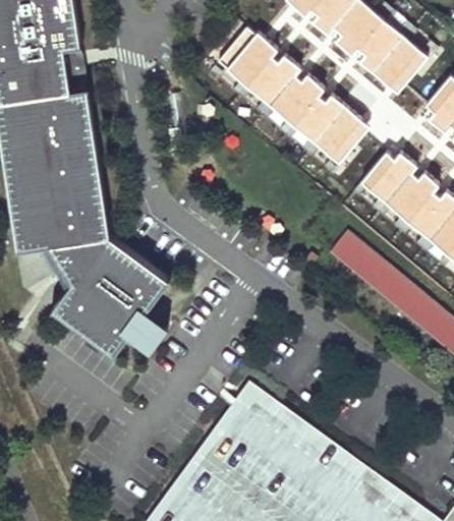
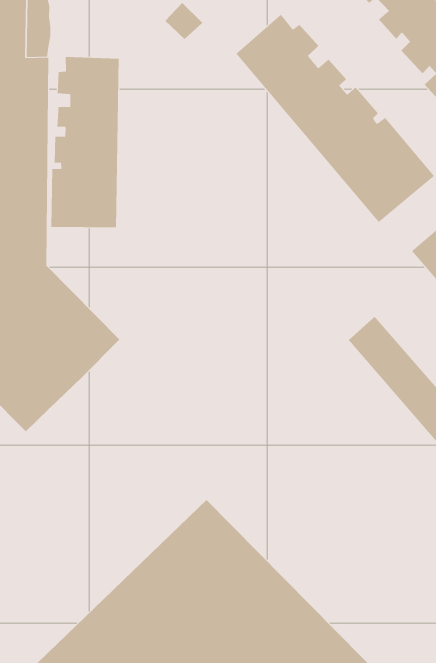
building: none -> [51,56,119,228]
building: [127,309,168,350] -> none

